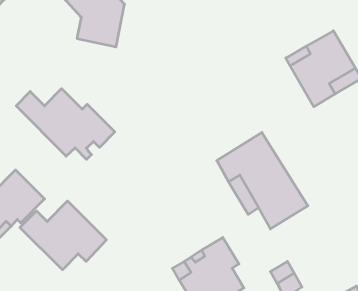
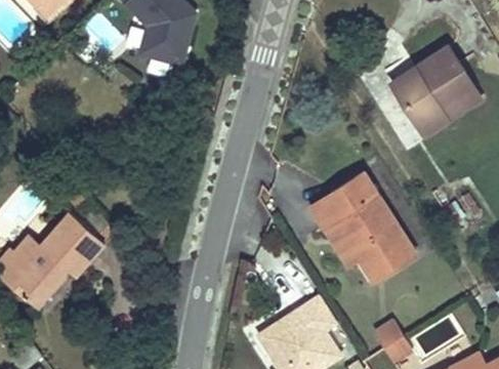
building: [16,89,115,159] -> none
building: [20,201,106,270] -> none

